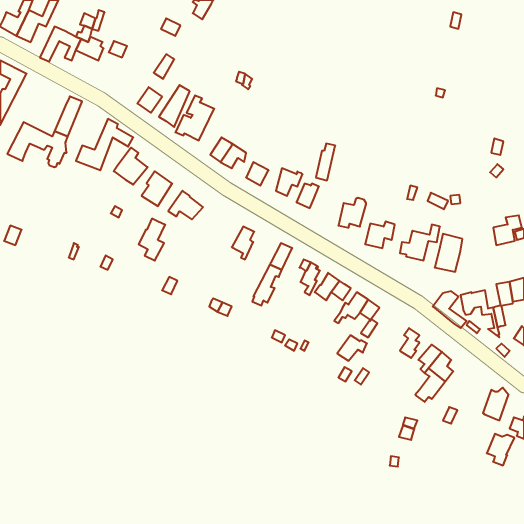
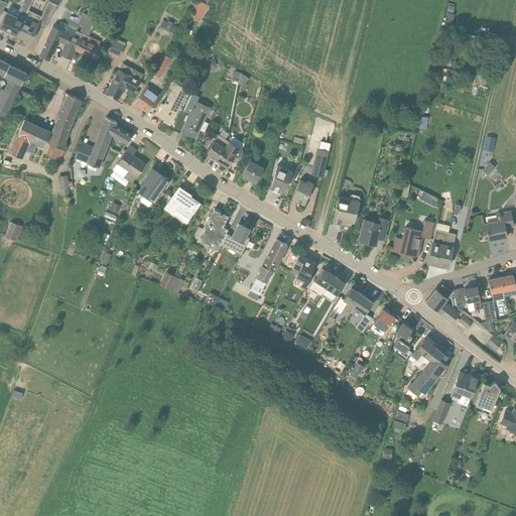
building: none -> [107,63,143,99]
building: [139,219,165,261] -> [201,211,227,252]
building: [337,335,367,361] -> [370,309,399,335]
building: [487,434,514,465] -> [450,375,478,406]

